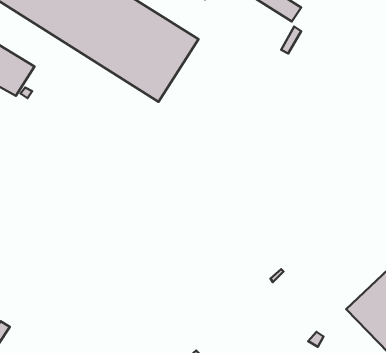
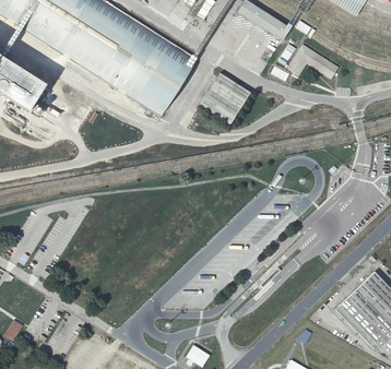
building: none -> [294,48,343,81]
building: none -> [201,73,251,124]

